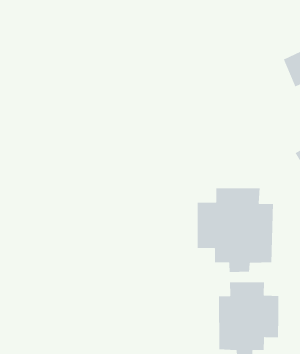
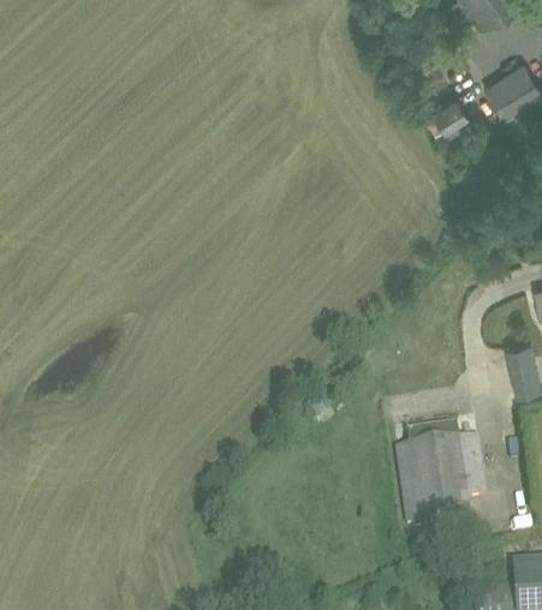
building: [197,187,274,273] -> none

